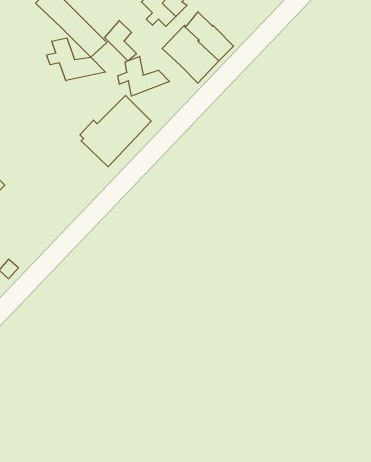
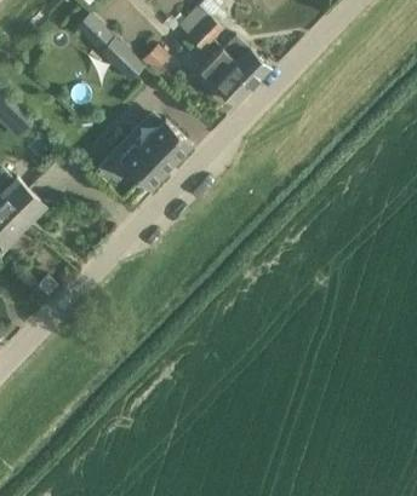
building: [47,38,105,81] -> none
building: [118,56,169,96] -> none

